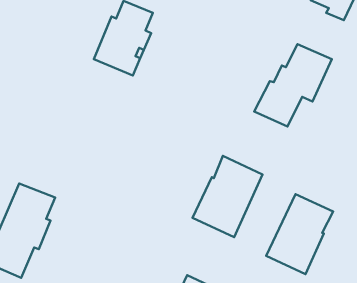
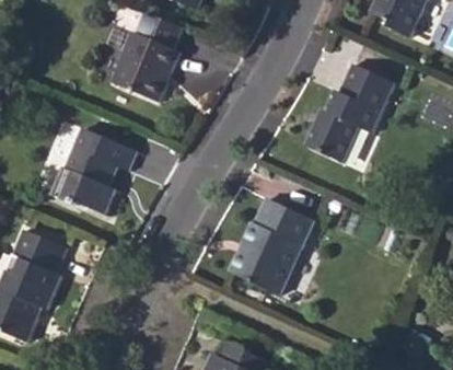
building: none -> [51,129,135,215]
building: [266,194,333,274] -> none

